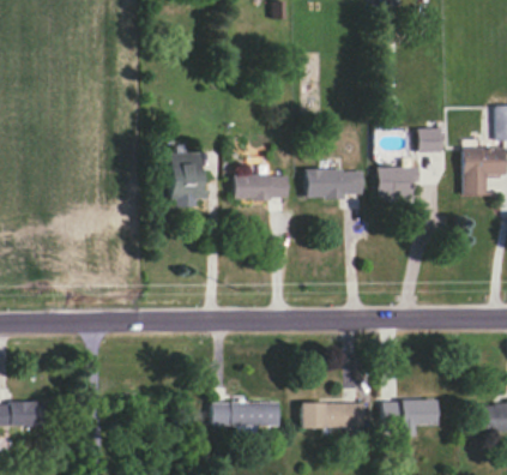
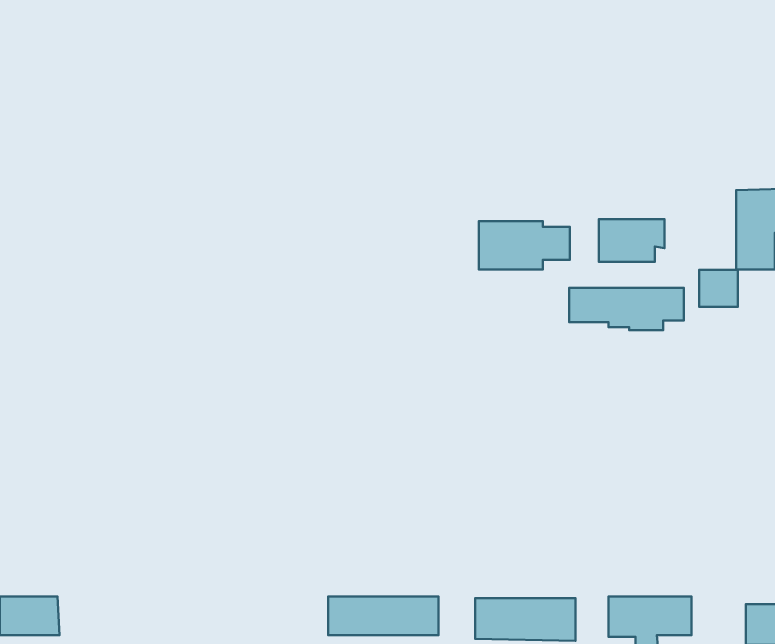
building: [420,131,443,154] -> [699,270,738,307]
building: [168,151,209,205] -> none
building: [231,173,288,200] -> none
building: none -> [569,288,684,330]

